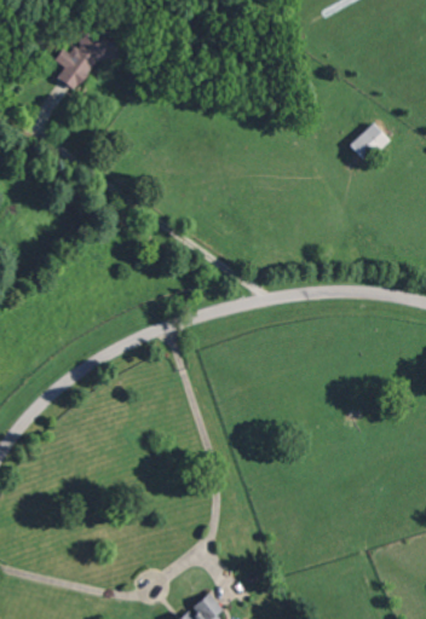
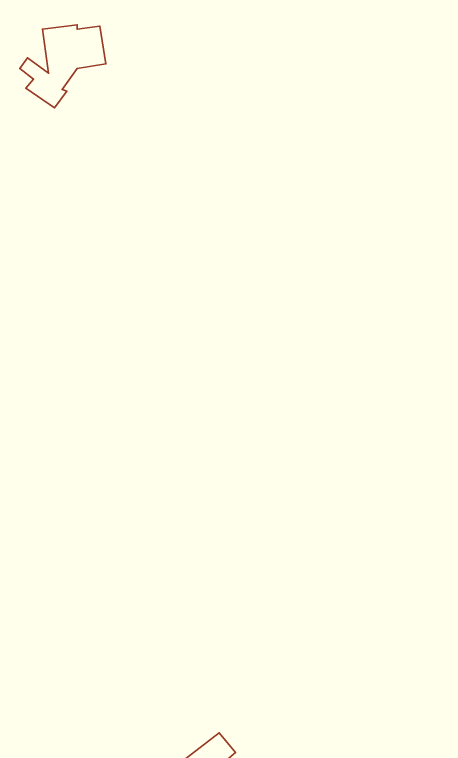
building: [349,123,388,163] -> none

